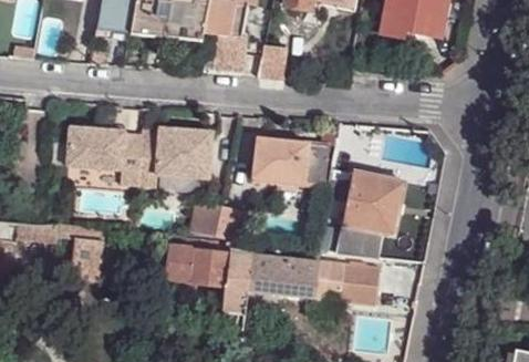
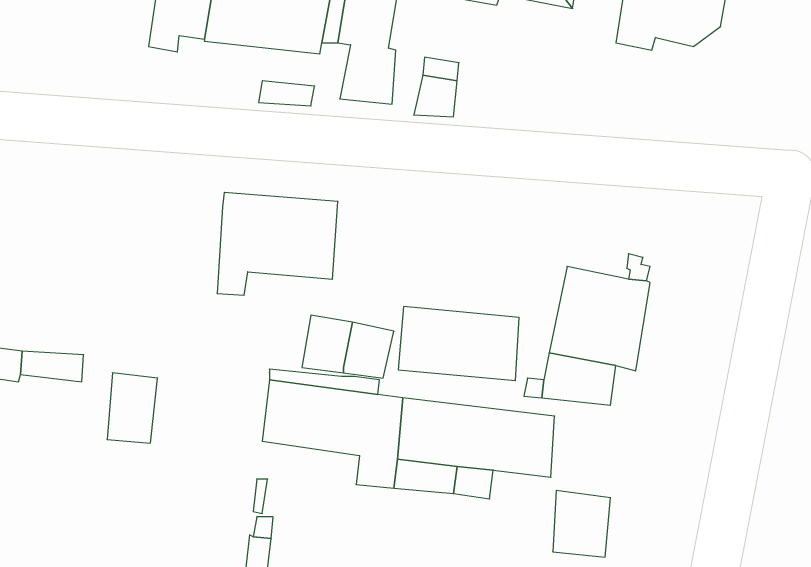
building: [66,127,141,172] -> none
building: [253,139,328,185] -> [398,307,519,381]
building: [342,263,377,304] -> [553,490,610,557]

